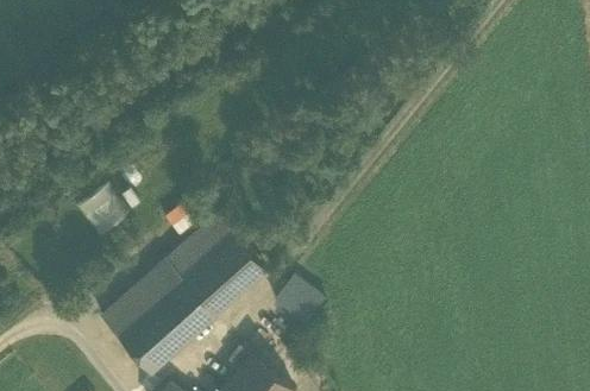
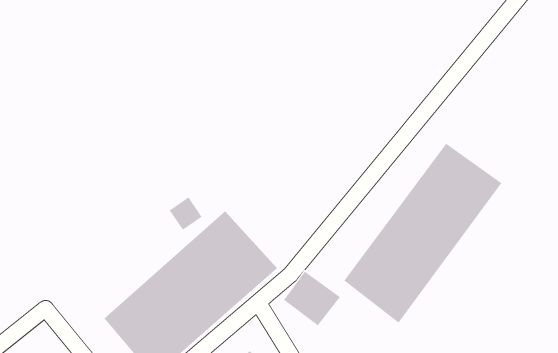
building: none -> [343,143,502,323]
building: [76,182,130,235] -> none

